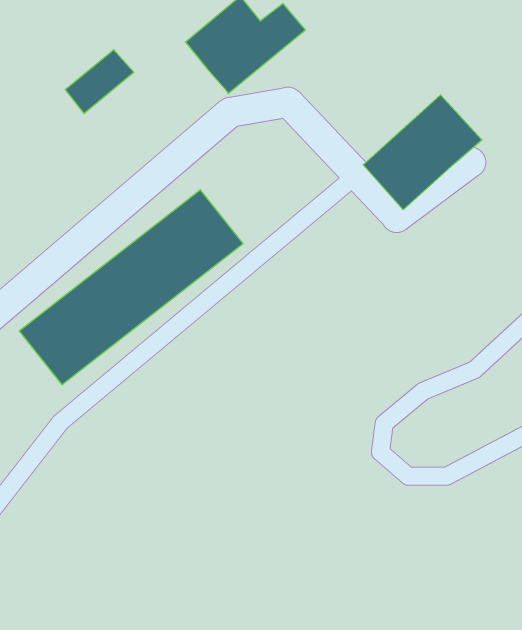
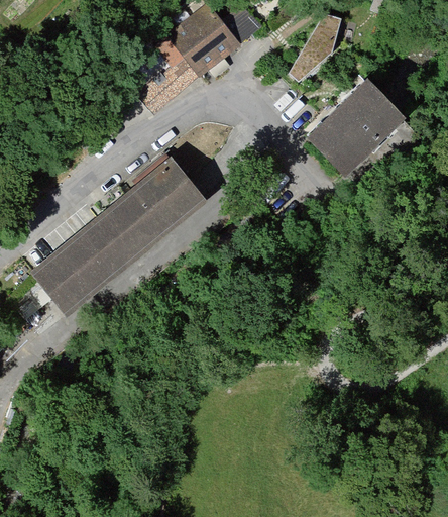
building: none -> [290,11,340,79]
building: [65,50,134,114] -> [140,59,196,110]

